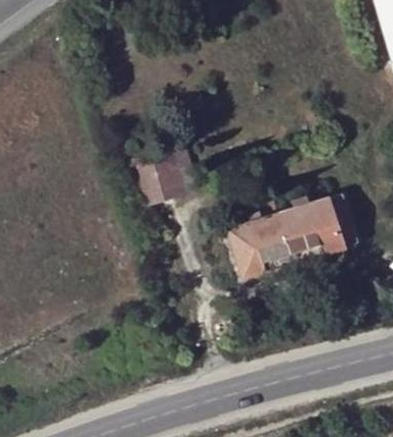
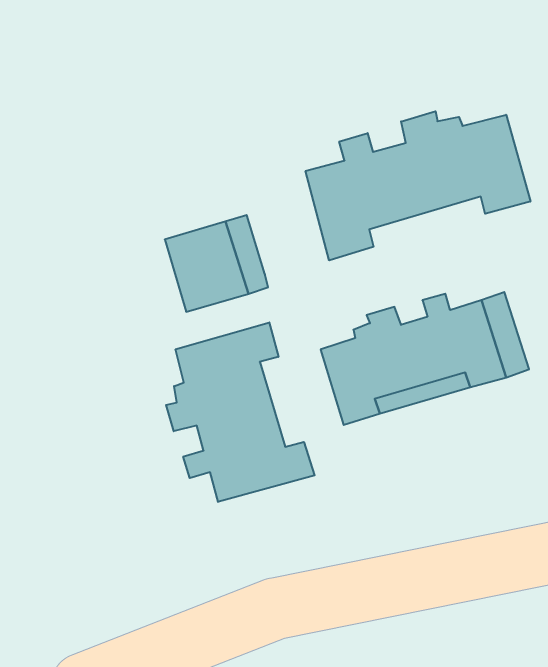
building: none -> [306,111,530,260]
building: none -> [166,322,315,502]

